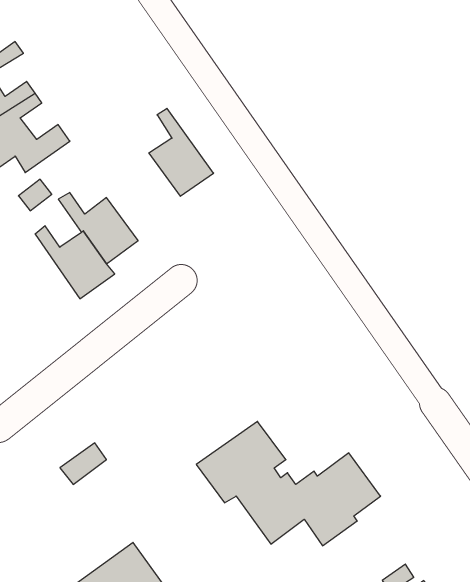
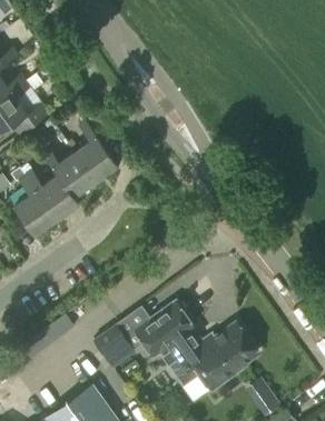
building: [149,108,214,196] -> [72,122,116,181]
building: none -> [12,177,55,235]
building: none -> [91,325,135,370]

